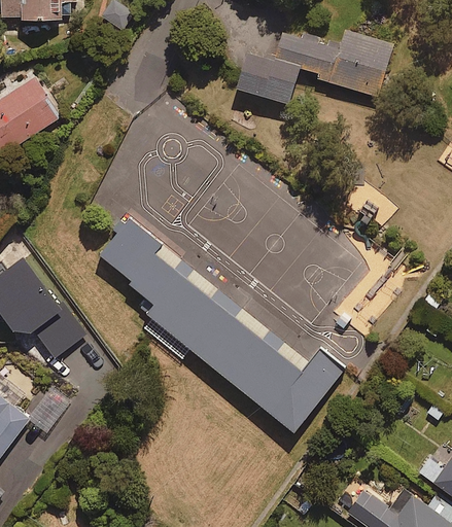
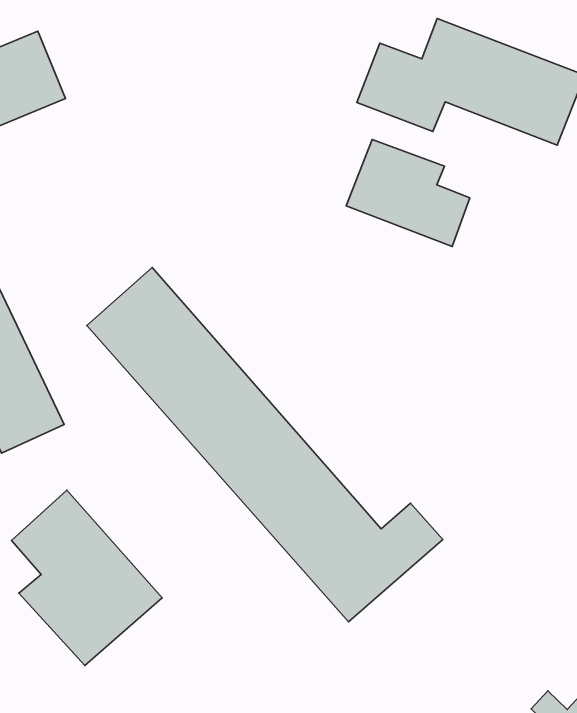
building: none -> [346,139,470,247]
building: none -> [11,490,162,666]

